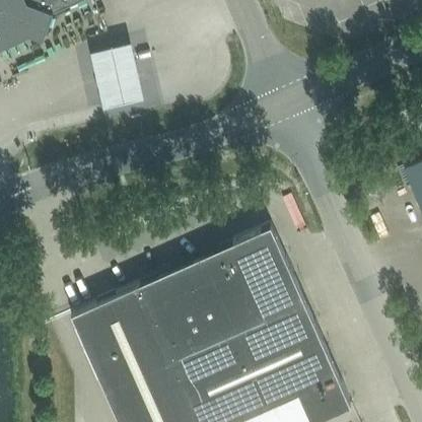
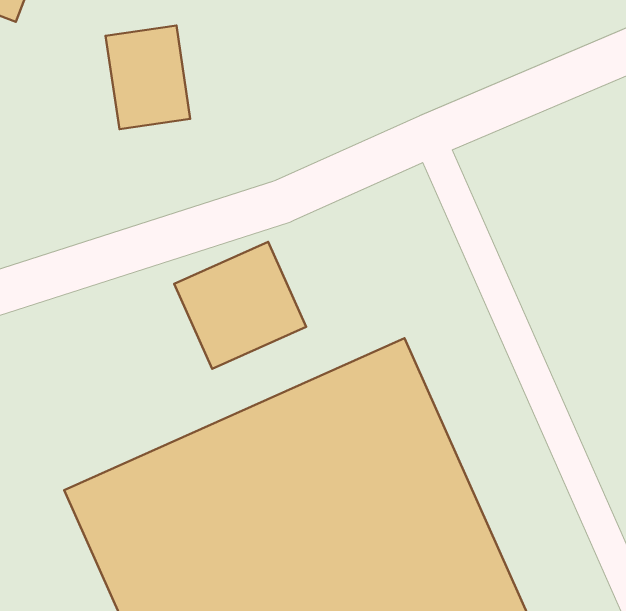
building: none -> [174,242,306,369]

